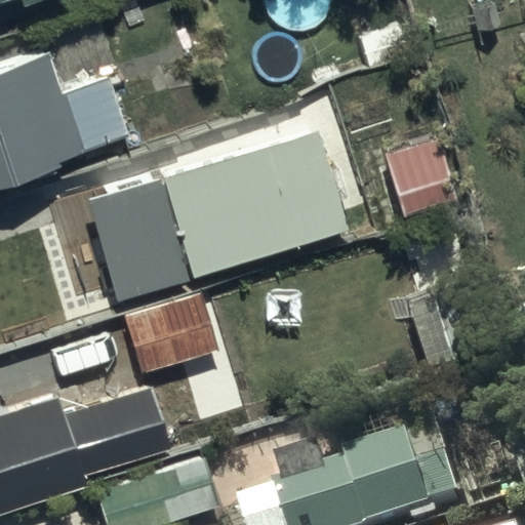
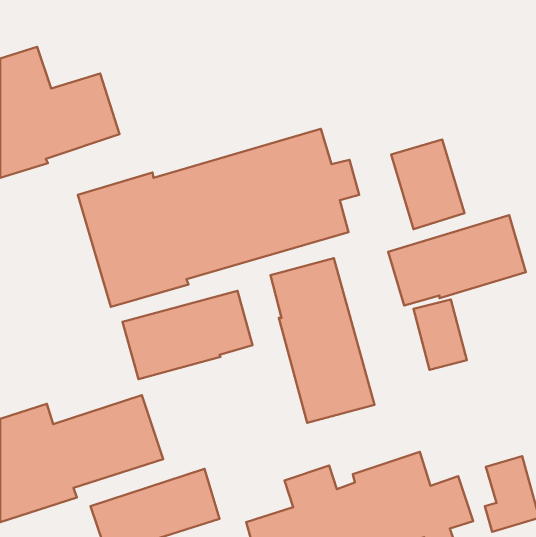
building: none -> [388,215,526,306]
building: none -> [271,258,375,423]

